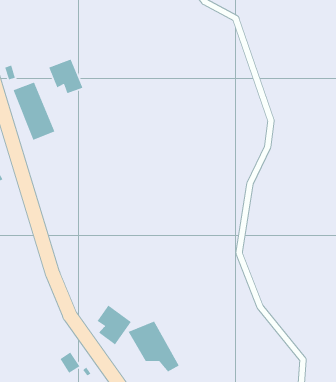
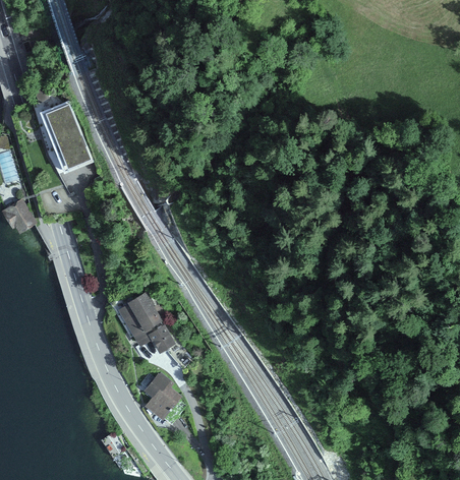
building: [48,59,83,94] -> none
building: [128,321,180,373] -> [113,292,176,355]

